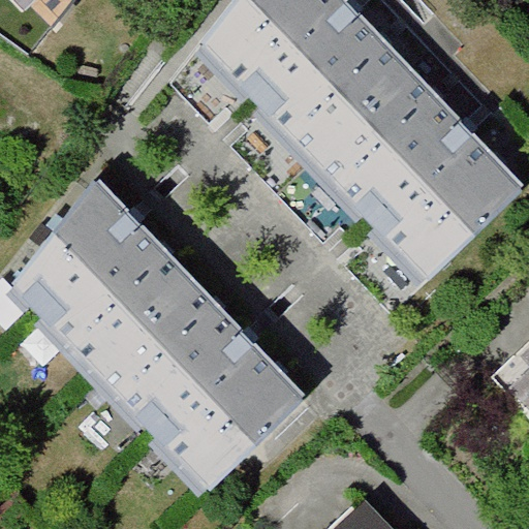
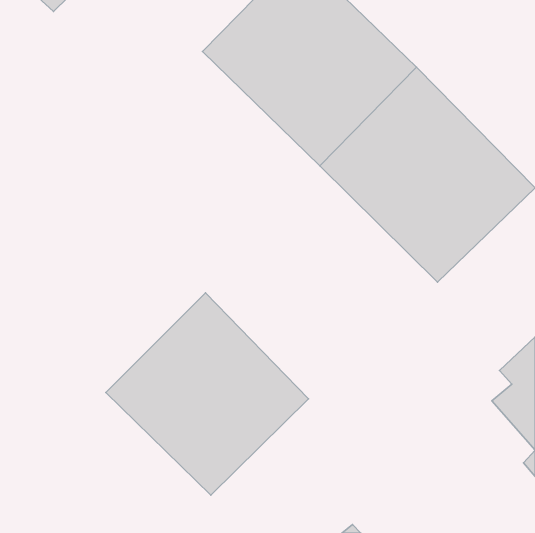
building: [5,189,203,386] -> none

